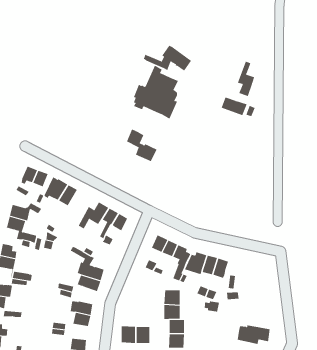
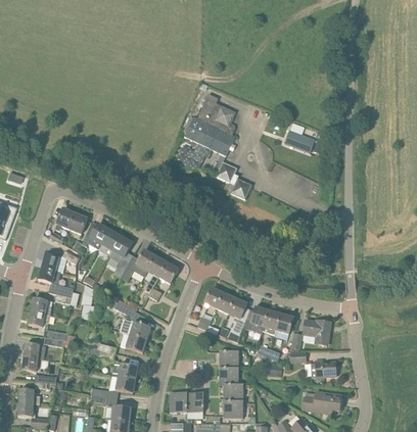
building: [143,45,192,71] -> none
building: [237,61,255,97] -> none
building: [126,129,157,162] -> [217,160,252,198]
building: none -> [109,236,133,277]
building: none -> [304,320,329,343]
building: none -> [311,359,335,379]

